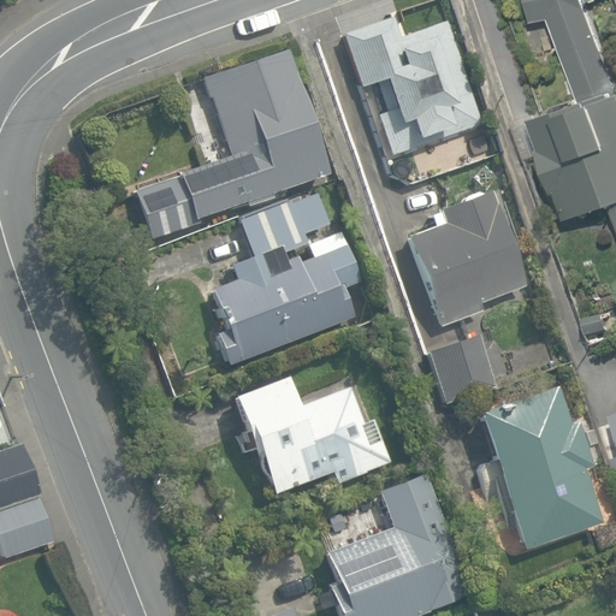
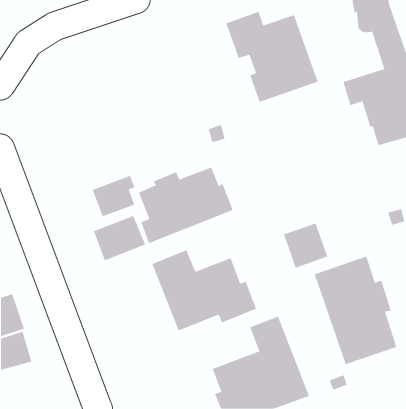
building: [136,53,328,238] -> none
building: [409,190,528,325] -> none
building: [244,195,309,257] -> [92,175,135,217]
building: none -> [93,215,146,261]

